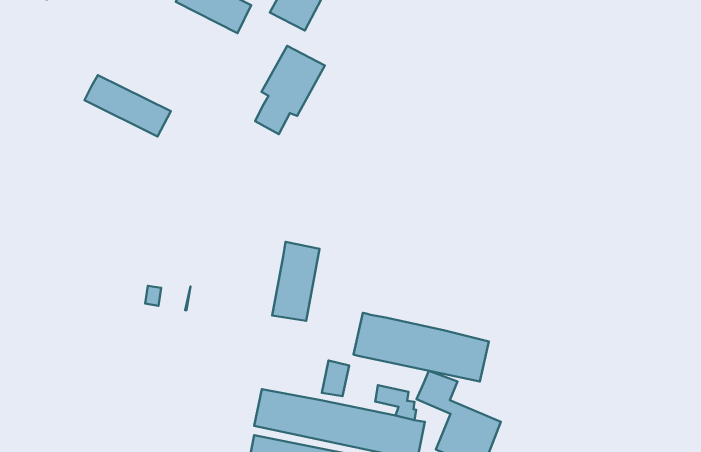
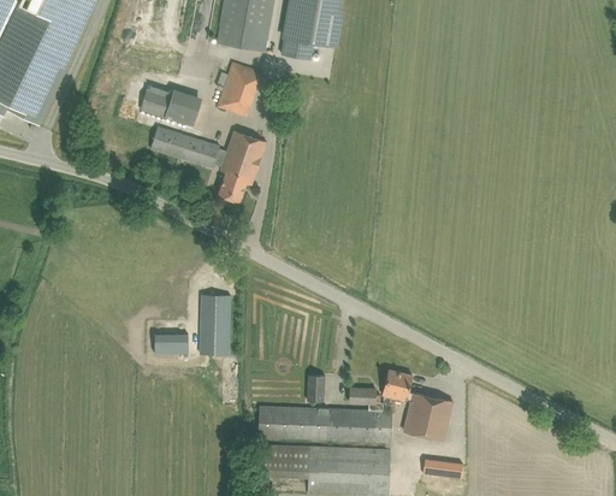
building: [85,75,171,136] -> [149,126,219,167]
building: [272,242,319,321] -> [200,294,229,354]
building: [354,313,489,382] -> none

